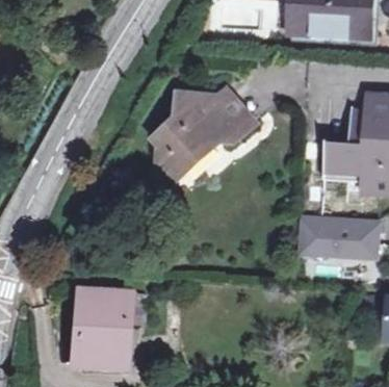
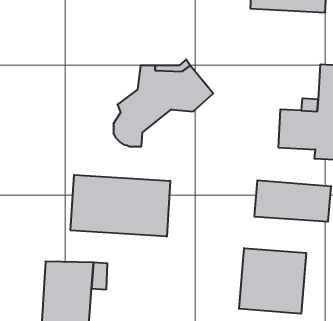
building: none -> [71,175,170,237]
building: none -> [239,248,306,314]

